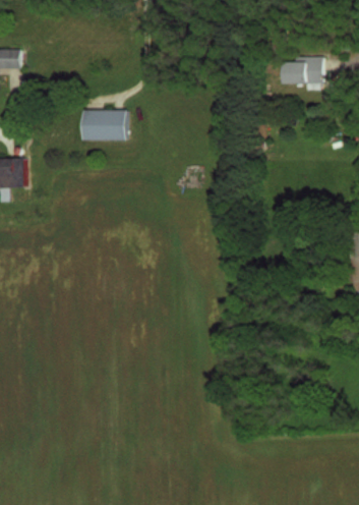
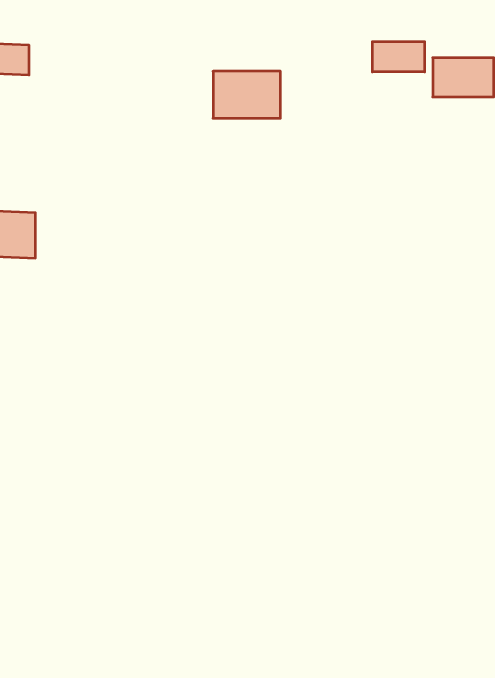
building: none -> [372,42,425,72]
building: [81,110,125,141] -> [213,71,280,118]

